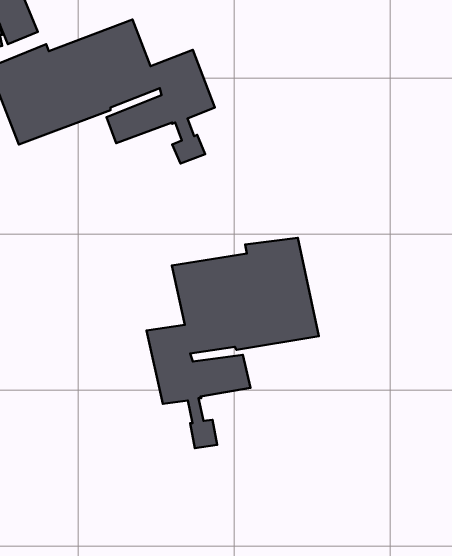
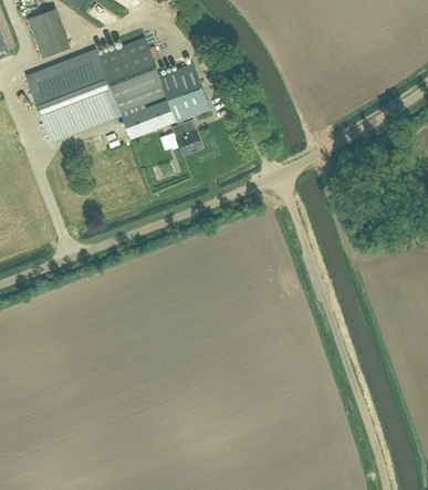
building: [146,238,319,448] -> none

